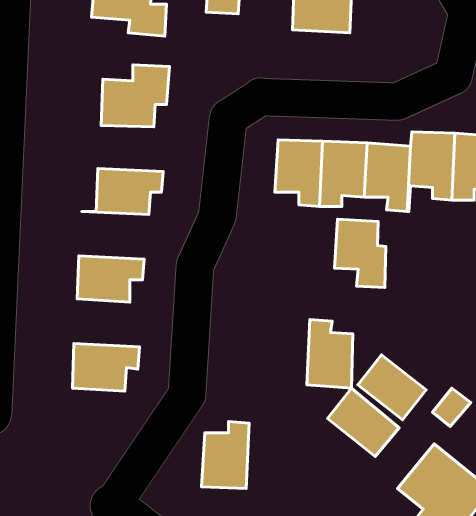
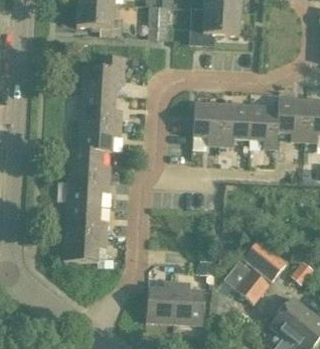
building: none -> [79,93,122,122]
building: none -> [67,147,112,178]
building: [335,219,386,287] -> none
building: none -> [64,203,107,233]
building: [307,320,353,388] -> [173,281,202,325]

